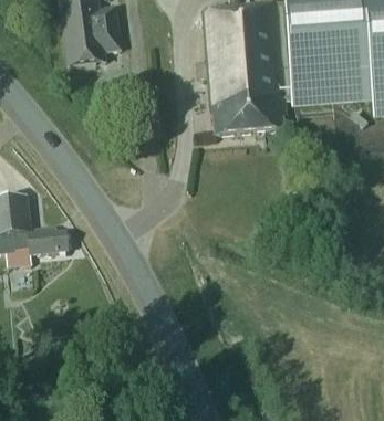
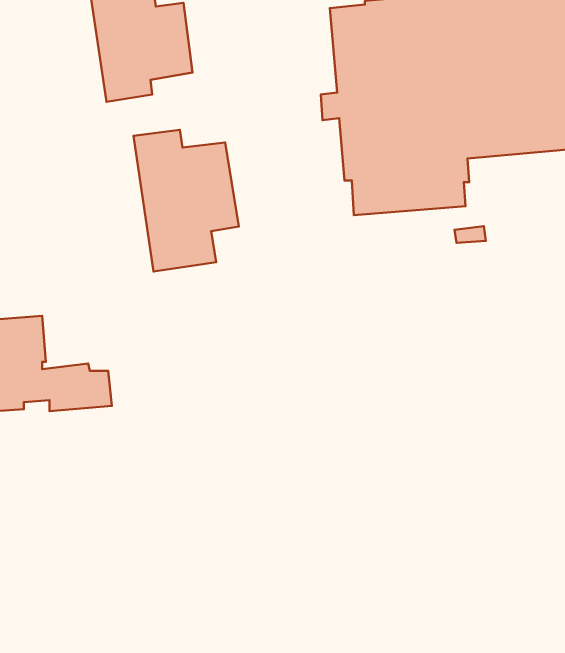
building: none -> [134,130,239,271]

